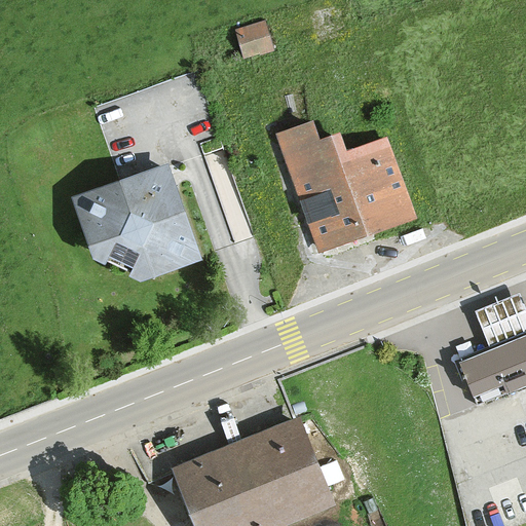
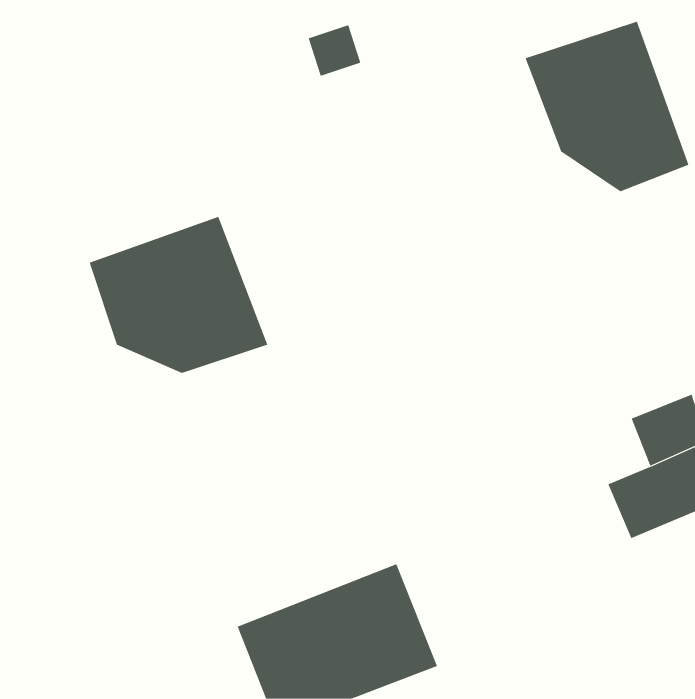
building: none -> [525,21,689,192]
building: [275,120,415,252] -> none

